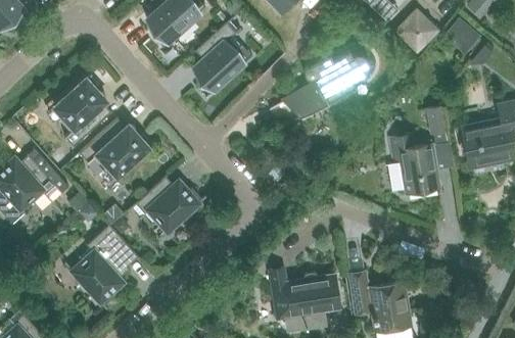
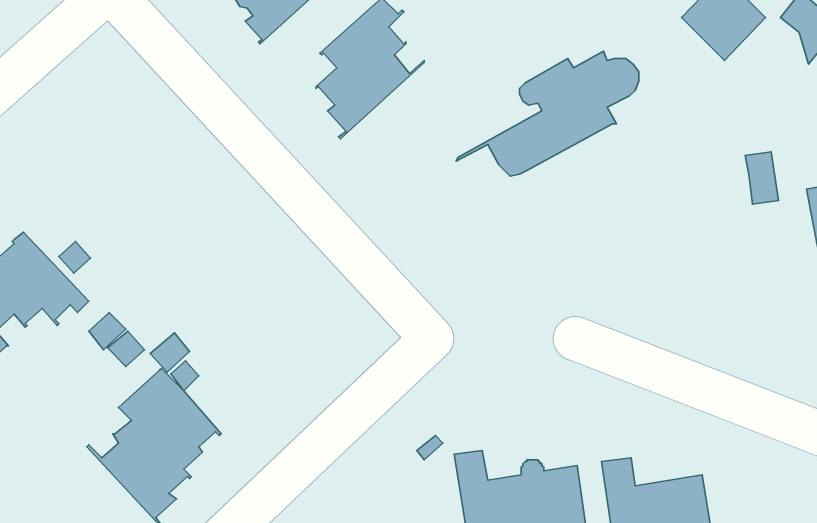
building: [48,74,113,147] -> none
building: [80,118,154,183] -> none
building: [388,133,439,193] -> none
building: [128,176,206,239] -> none

